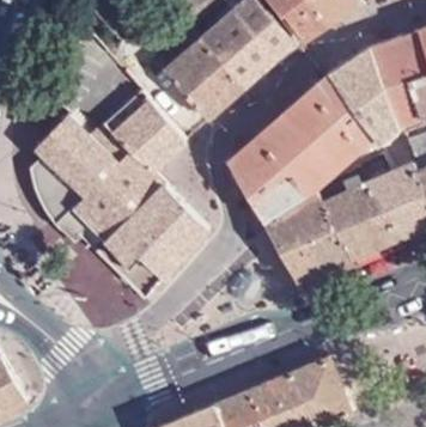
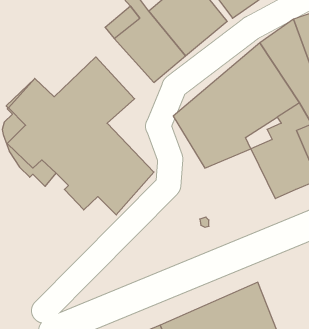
building: [268,200,351,279] -> none

